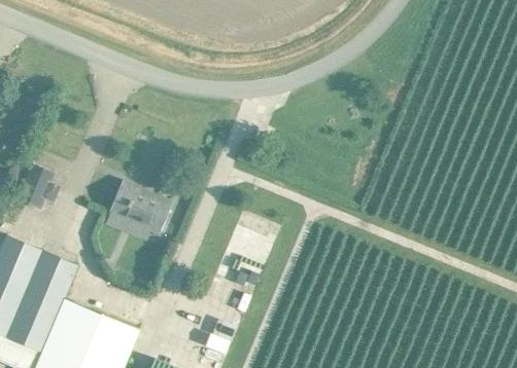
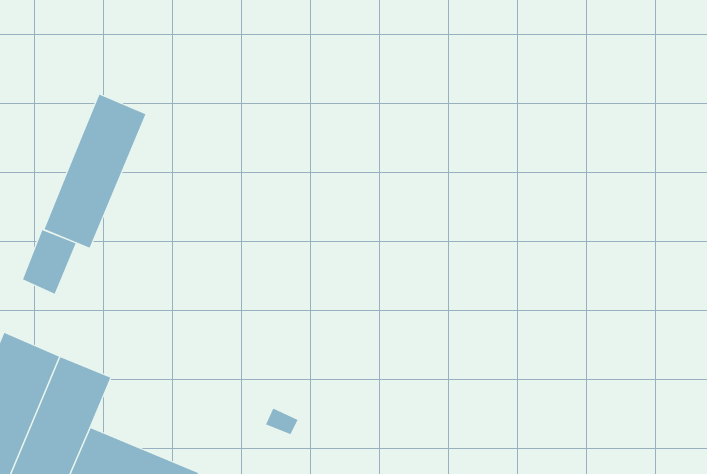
building: none -> [44,94,146,249]
building: [107,181,172,235] -> none

